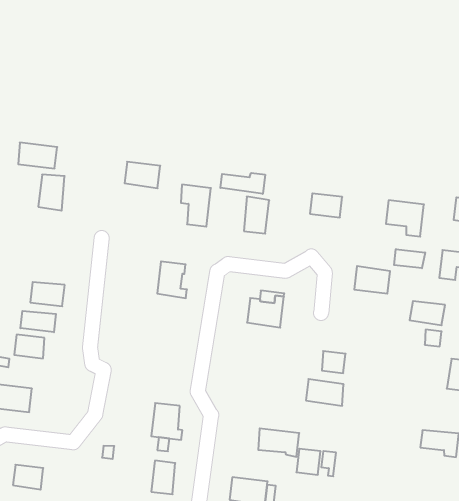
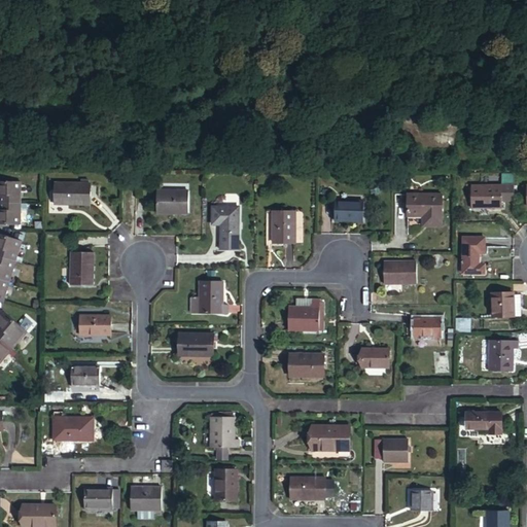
building: [220,173,265,194] -> none
building: [38,175,65,211] -> [70,252,93,285]
building: [394,249,425,268] -> none
building: [410,301,445,325] -> [414,319,446,339]
building: [20,311,56,332] -> none
building: none -> [177,332,213,354]
building: [306,379,344,406] -> [289,354,324,376]
building: [296,449,321,475] -> [386,443,407,465]
building: none -> [129,488,160,512]

